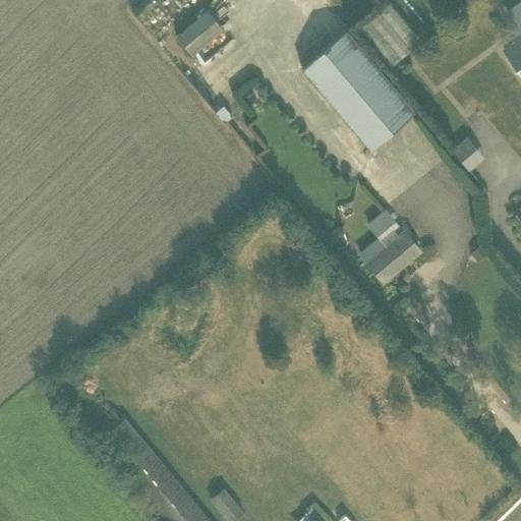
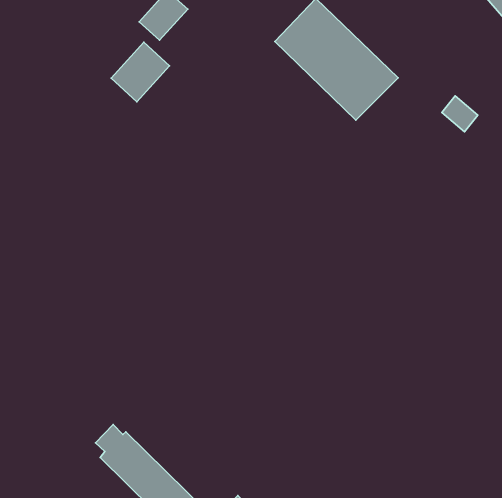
building: none -> [111,42,170,102]
building: [362,211,422,283] -> none

